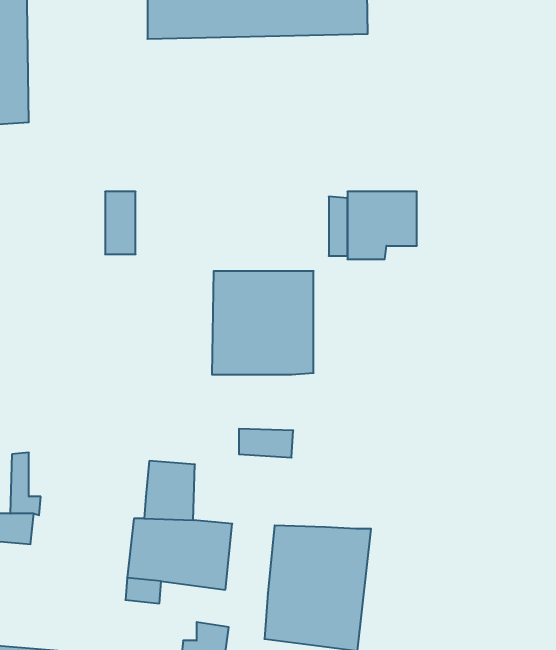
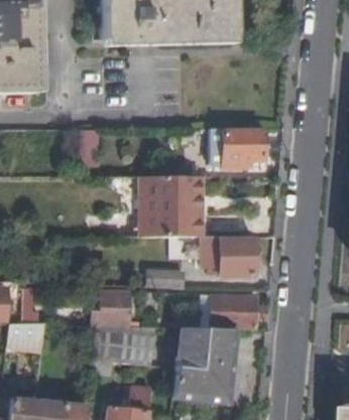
building: none -> [200,238,253,279]
building: none -> [207,296,267,330]

